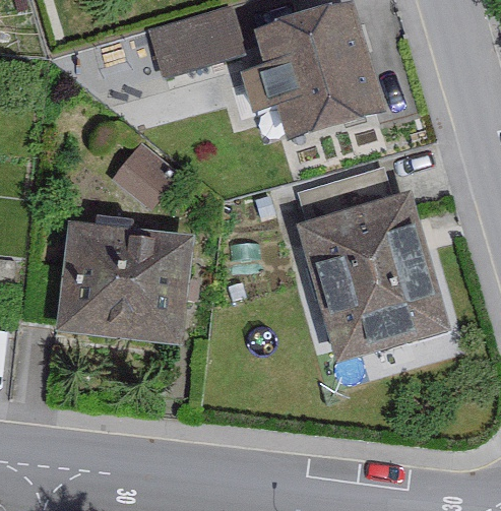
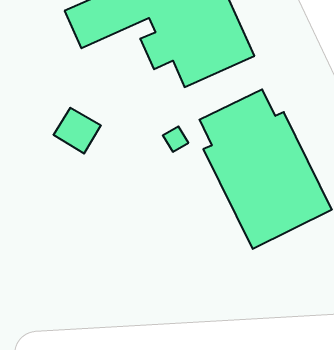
building: [58,223,192,348] -> none

